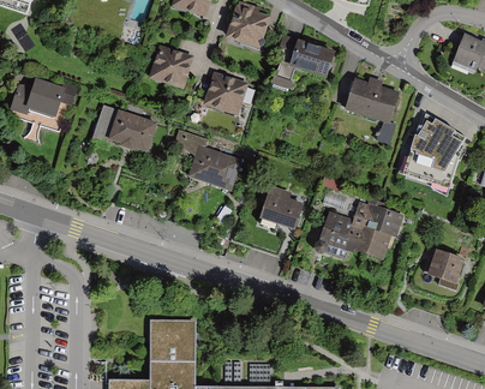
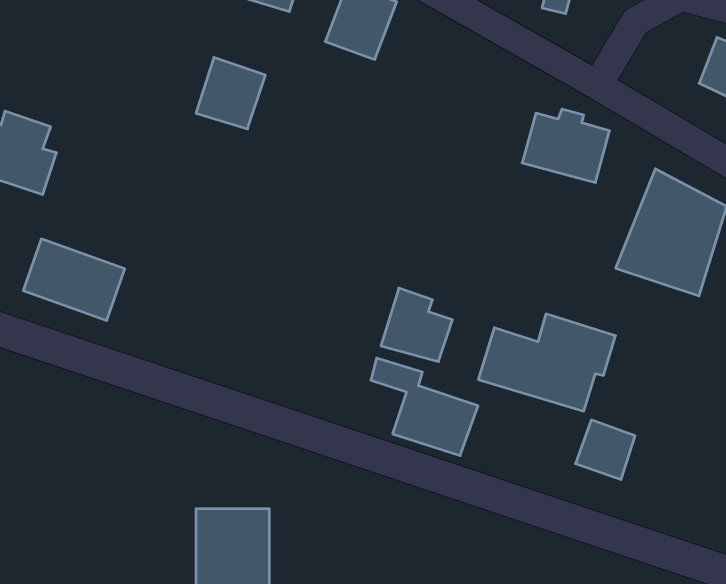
building: [270,35,333,88] -> none
building: [204,70,246,114] -> none
building: [94,104,155,154] -> [23,239,125,320]
building: [175,130,240,188] -> [371,358,478,456]
building: [427,249,463,285] -> [575,420,635,480]

